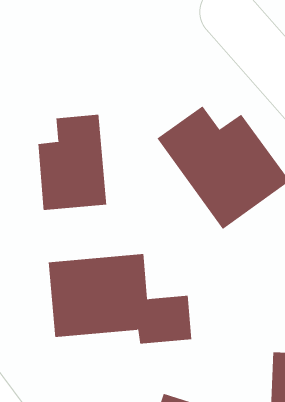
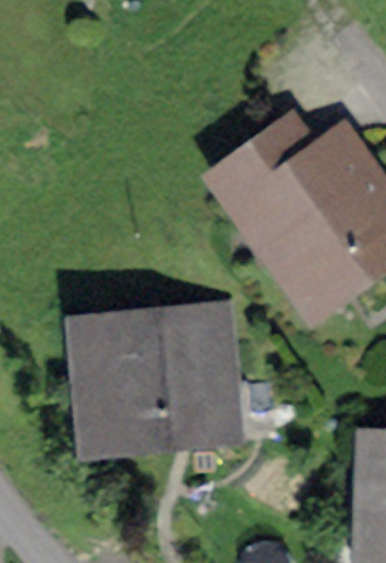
building: [38,114,107,211] -> none

